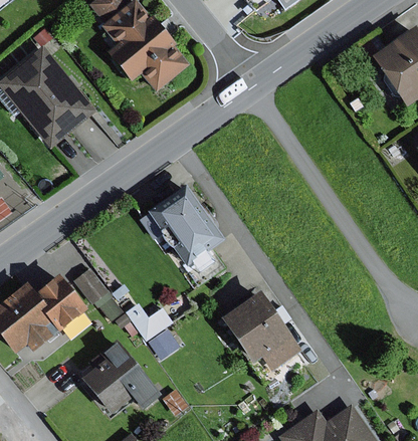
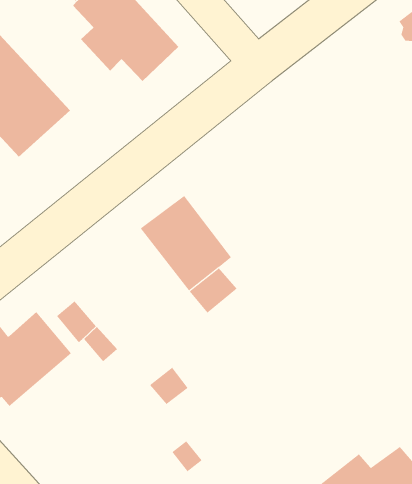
building: [221,291,301,377] -> none
building: [126,303,174,341] -> none
building: [83,342,161,416] -> none

